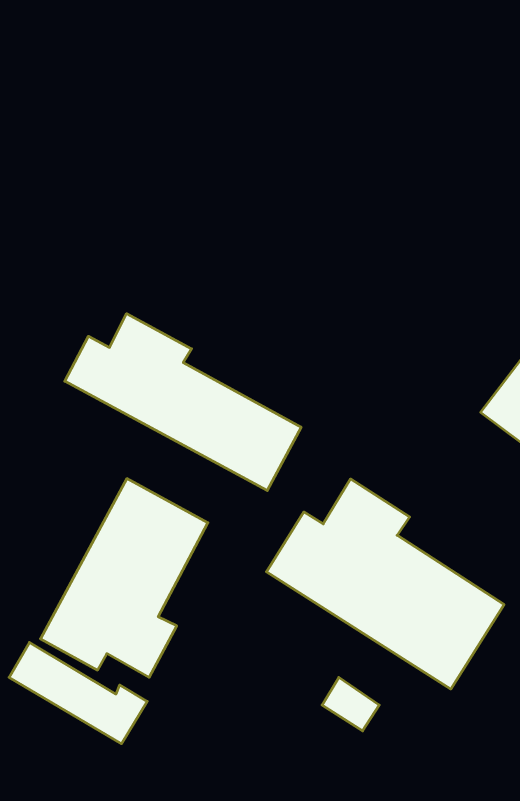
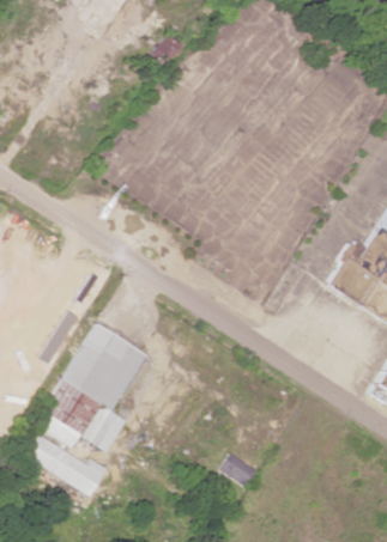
building: [65,314,301,491] -> none
building: [266,479,504,689] -> none

